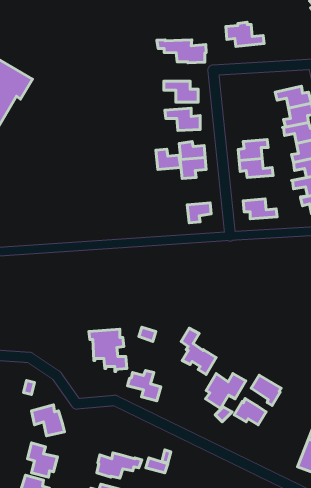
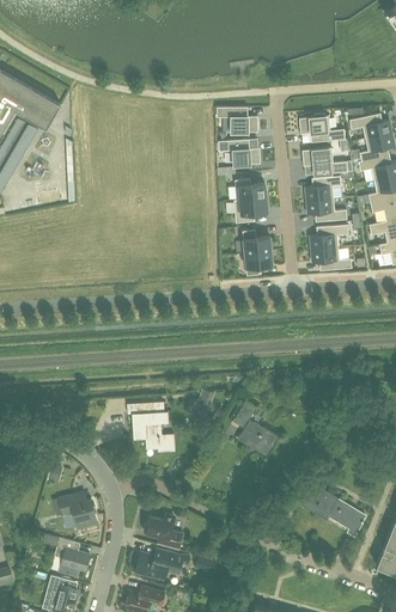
building: [226,22,264,46] -> [299,114,345,142]
building: [157,40,206,63] -> none
building: none -> [301,147,348,175]
building: [156,149,181,169] -> [242,230,272,253]
building: none -> [310,224,346,249]
building: [128,371,161,401] -> [144,514,183,550]
building: [205,374,246,409] -> none
building: [251,375,281,405] -> [329,500,365,536]

